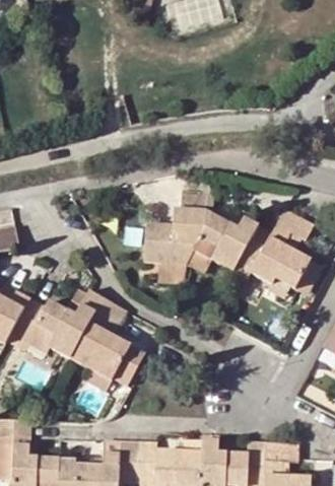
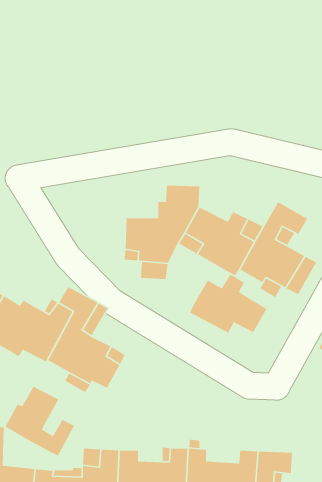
building: none -> [189,274,267,334]
building: none -> [5,386,75,457]

